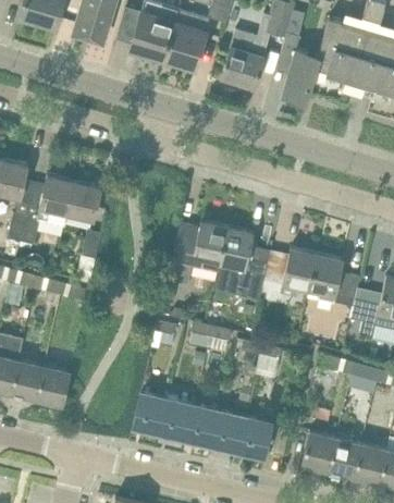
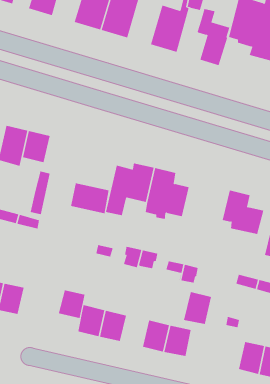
building: none -> [70,183,109,214]
building: [259,248,318,300] -> none
building: none -> [58,289,85,319]
building: [186,406,220,444] -> none
building: [301,431,336,471] -> [183,291,212,325]

